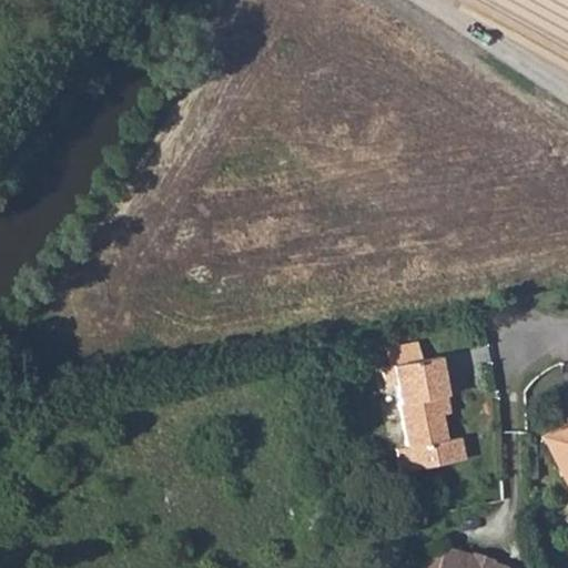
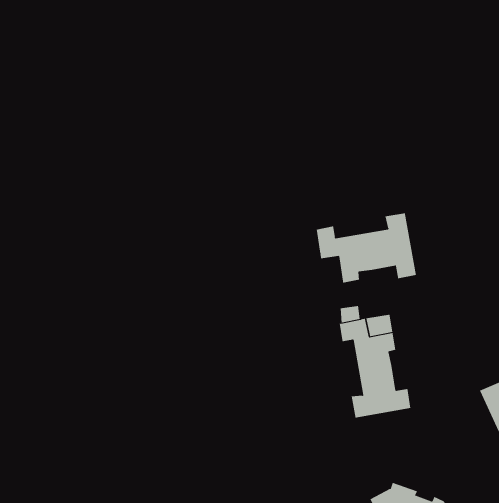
building: none -> [316,212,416,283]

